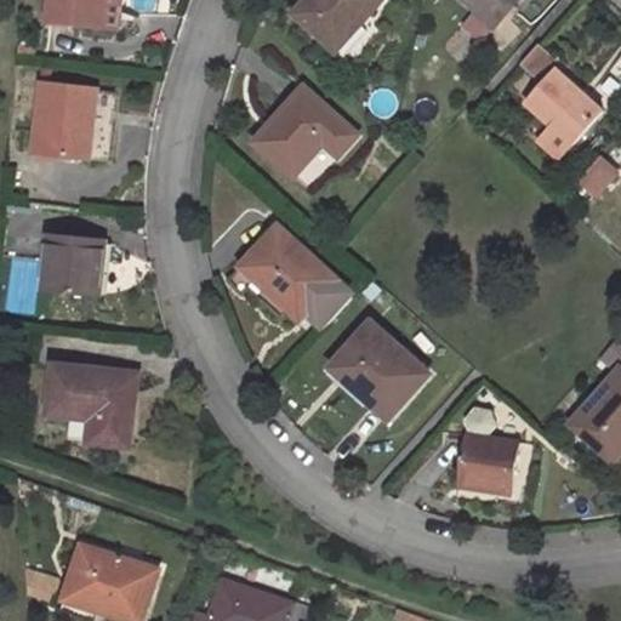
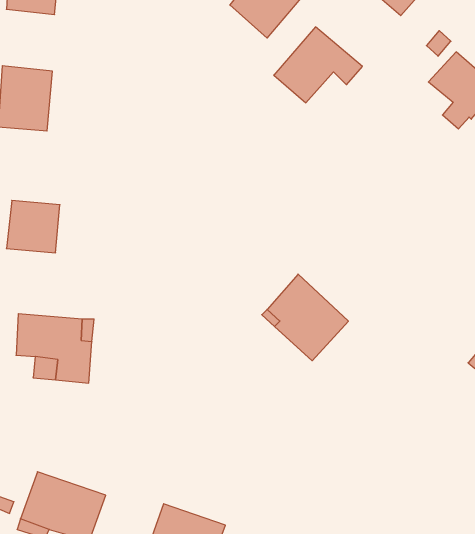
building: [260,89,360,175] -> [274,27,362,103]
building: [237,226,344,326] -> none
building: [457,434,519,492] -> none

